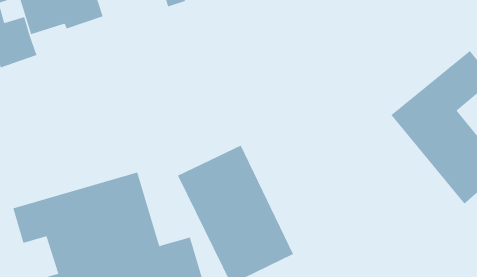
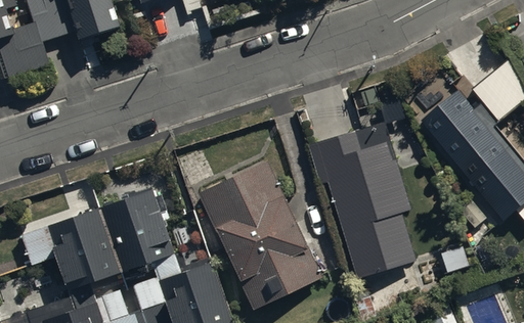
building: none -> [307,120,417,275]

